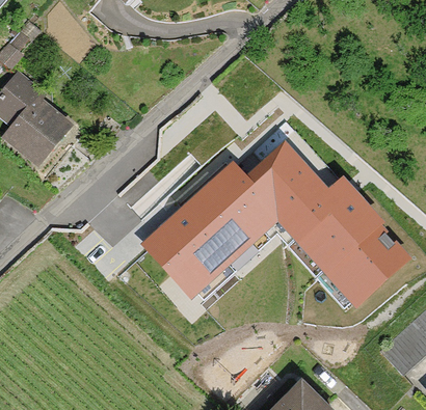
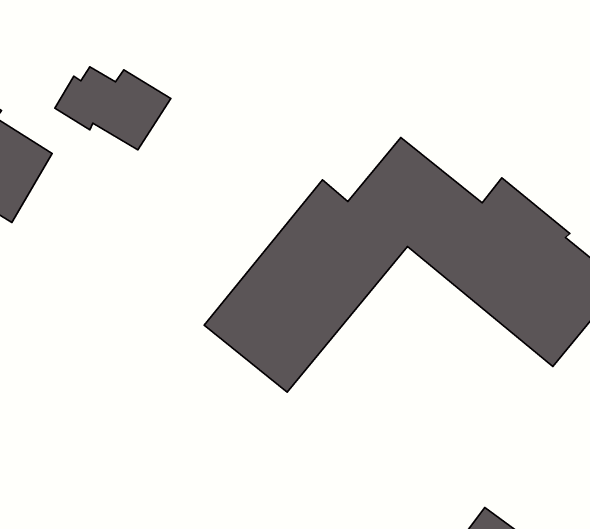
building: none -> [55,67,171,150]

